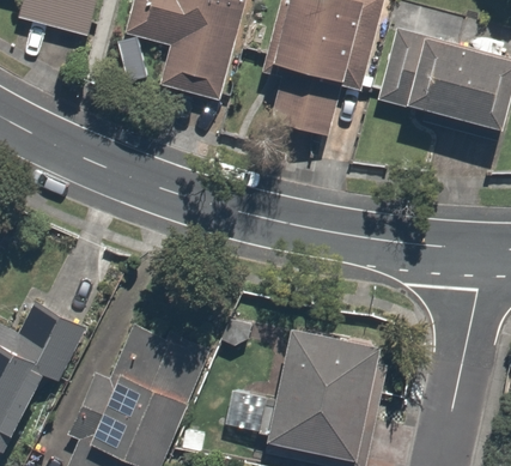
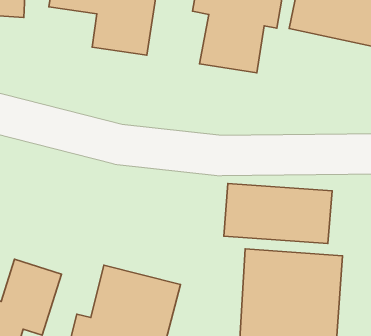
building: none -> [224,183,332,244]

